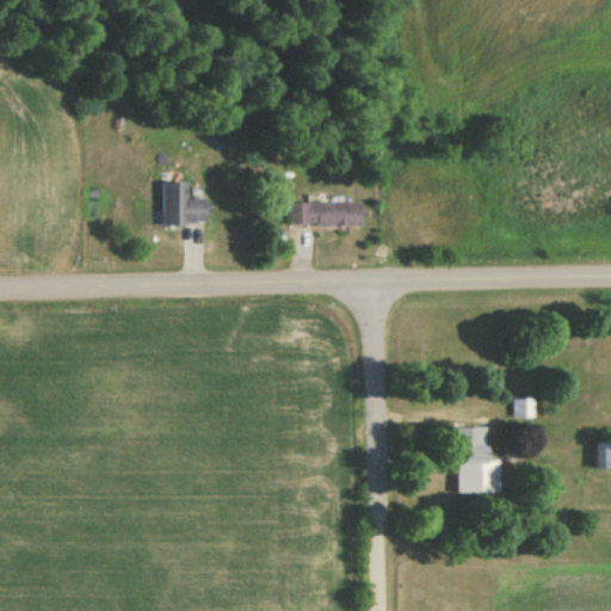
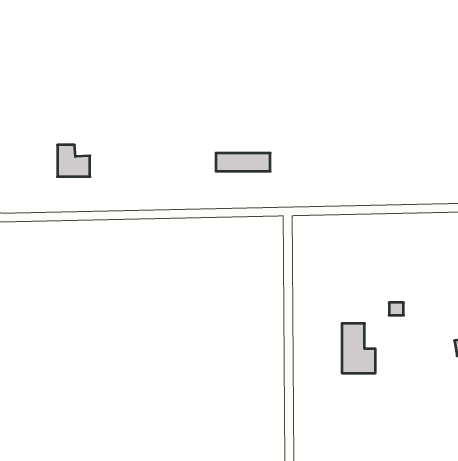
building: [166,181,209,223] -> [57,145,90,177]

